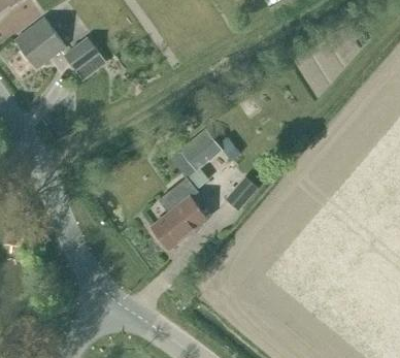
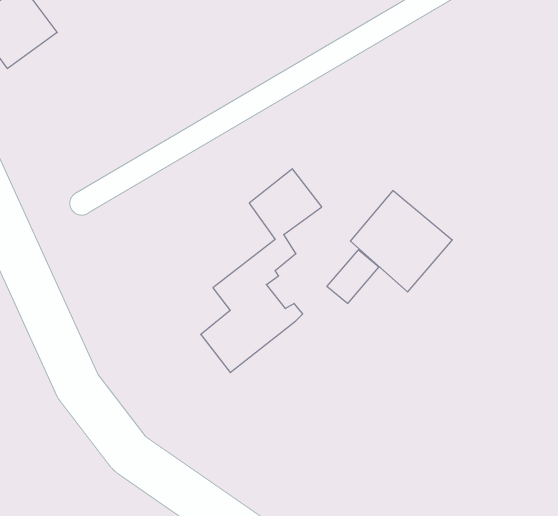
building: [63,38,98,71] -> none
building: none -> [350,191,452,292]

